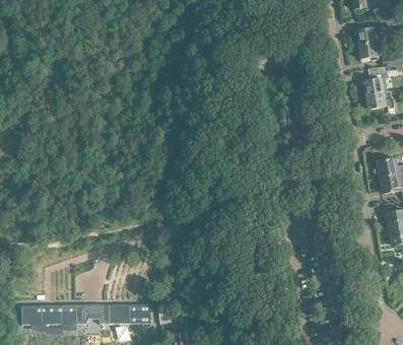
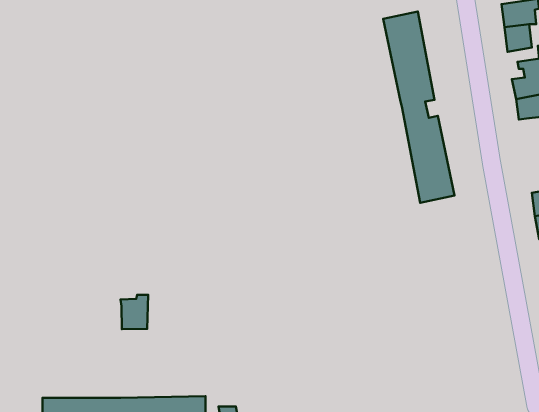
building: none -> [383,12,455,203]
building: none -> [120,295,148,329]

